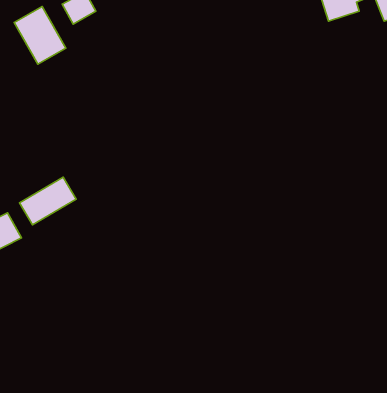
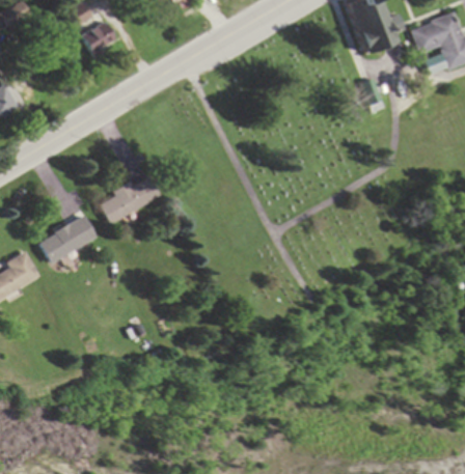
building: [14,7,66,64] -> none
building: none -> [99,177,157,223]

